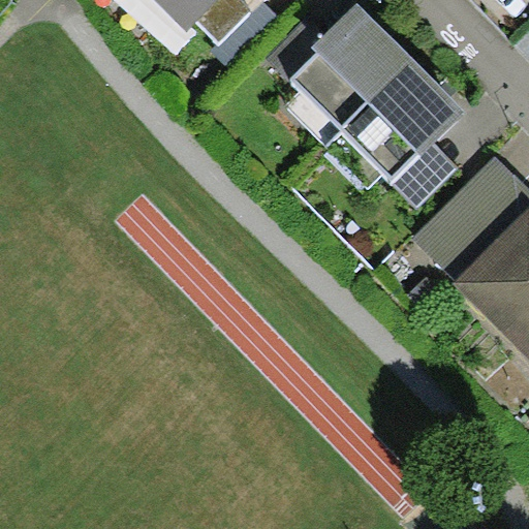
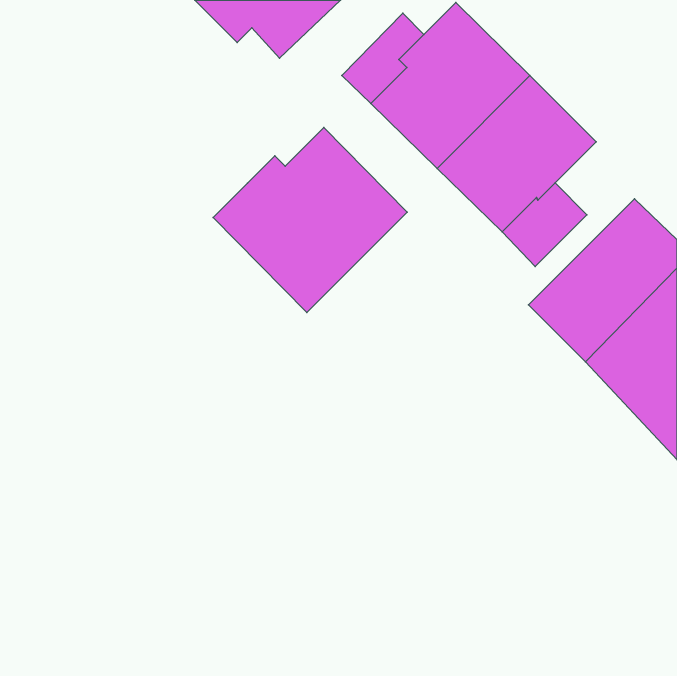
building: none -> [213,127,407,313]

